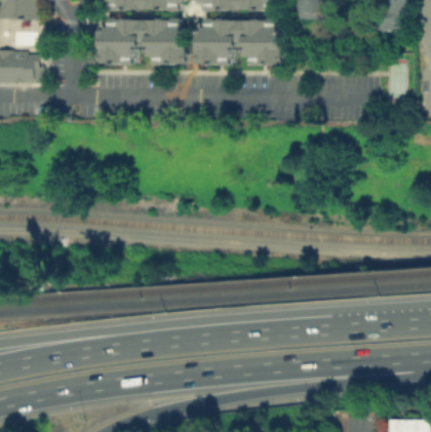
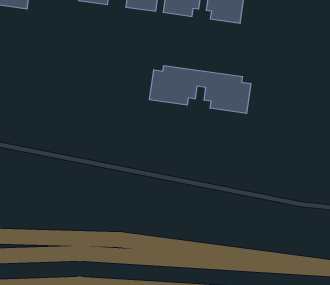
building: none -> [150,66,251,113]

